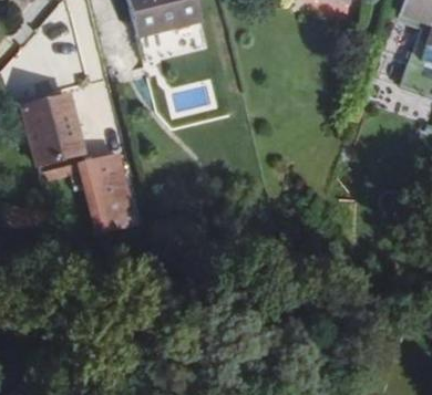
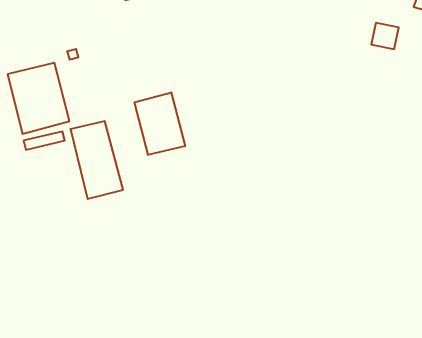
building: none -> [135,92,185,155]

